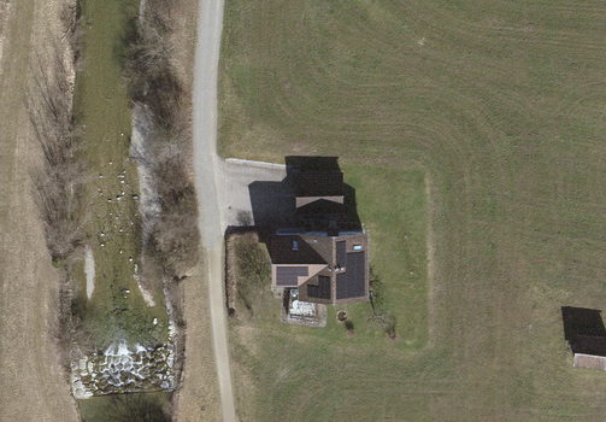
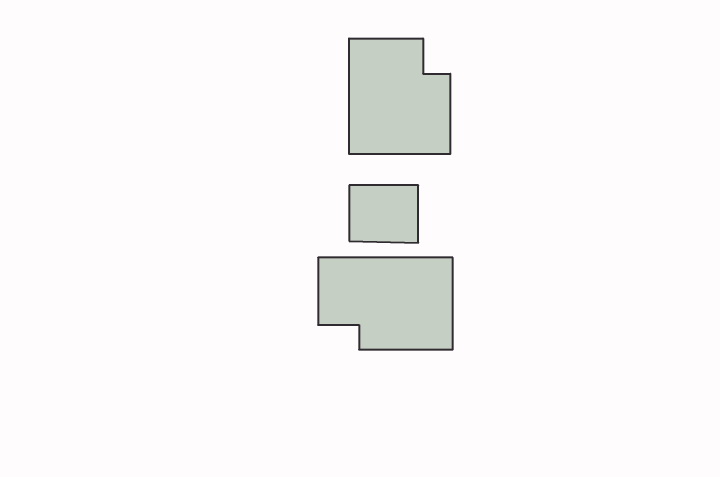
building: none -> [349,38,450,154]

